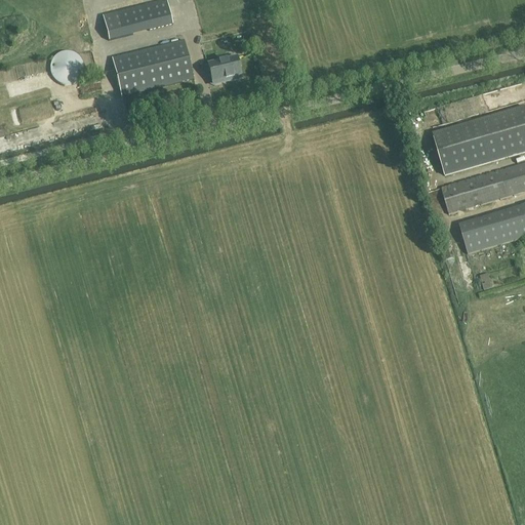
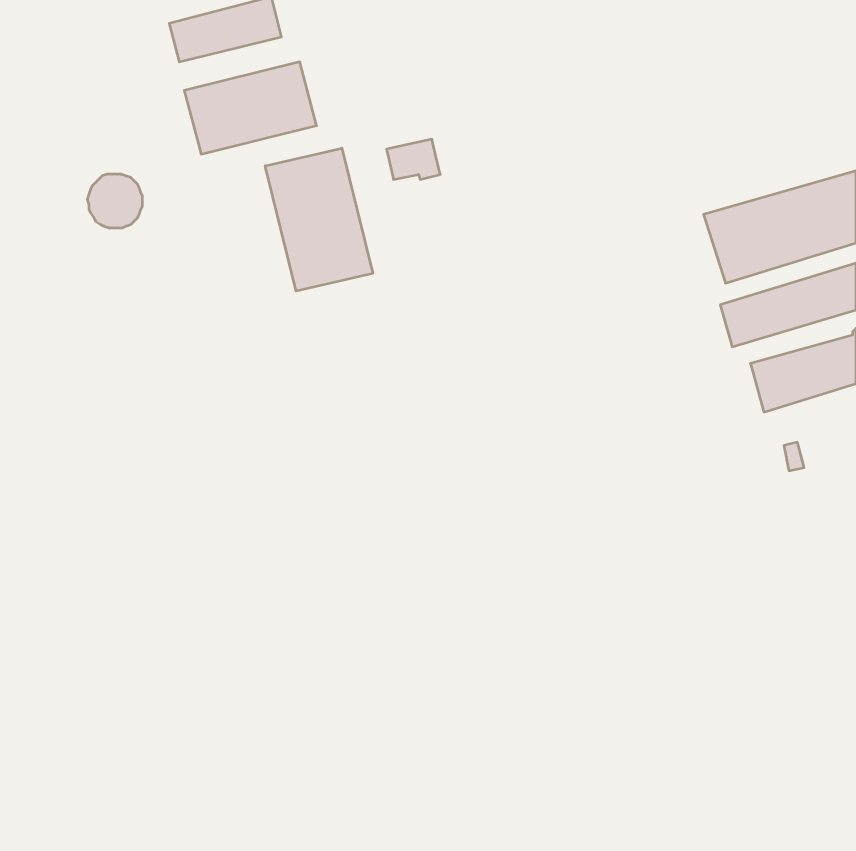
building: [49,49,83,82] -> [87,174,142,228]
building: [208,55,241,80] -> [387,139,440,179]
building: none -> [265,148,373,291]

